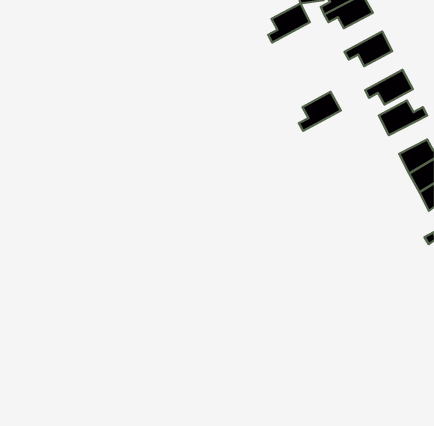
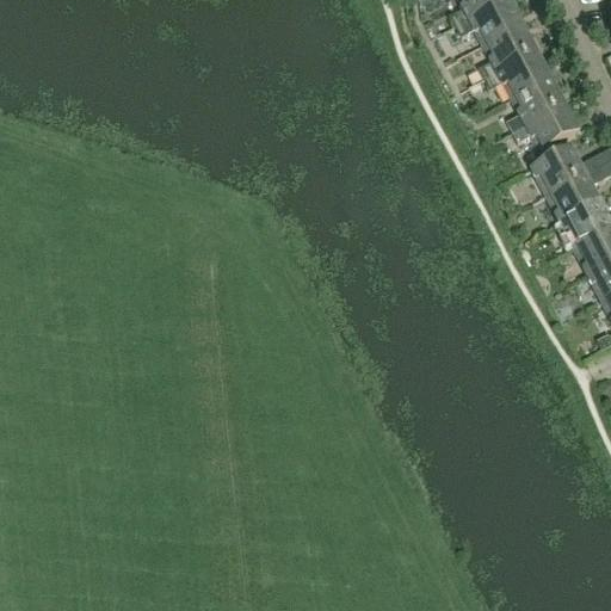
building: [268,3,310,43] -> [479,18,537,73]
building: [299,92,341,131] -> [507,72,566,126]
building: none -> [547,162,605,216]

